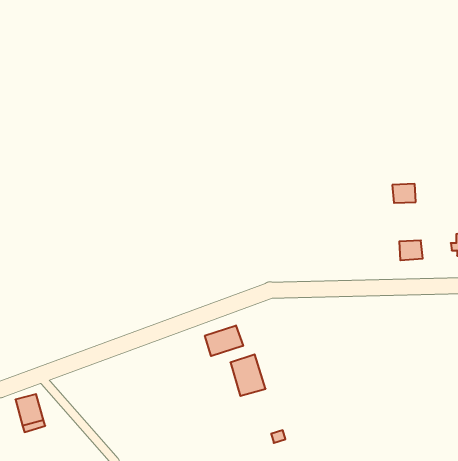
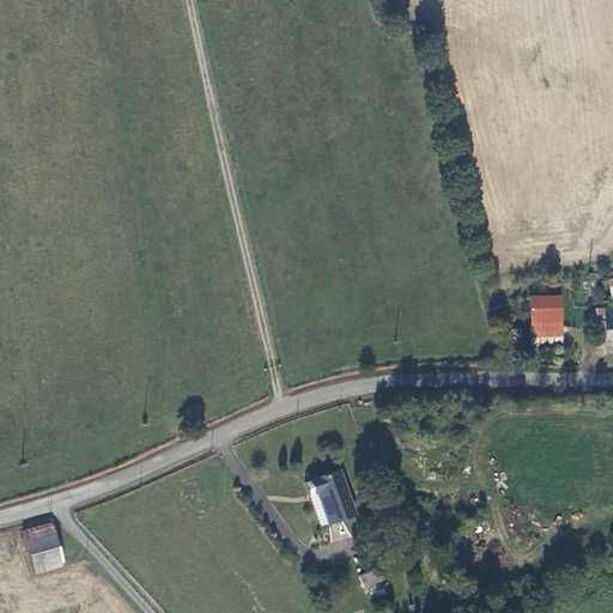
building: [392,184,416,203] -> [532,295,563,320]
building: [205,325,243,356] -> none

